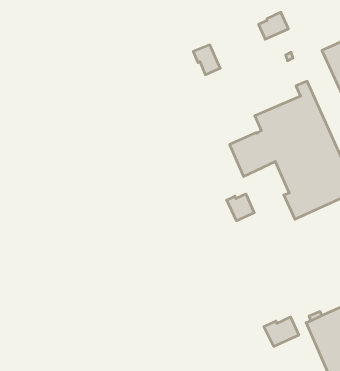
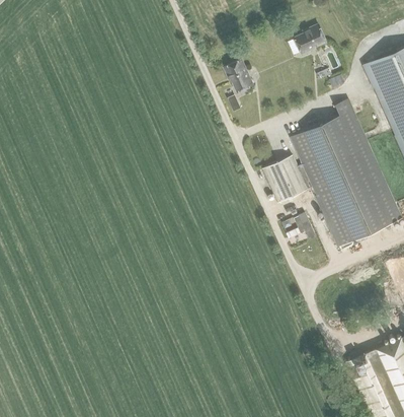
building: [227,194,254,221] -> none
building: [264,317,299,346] -> none

